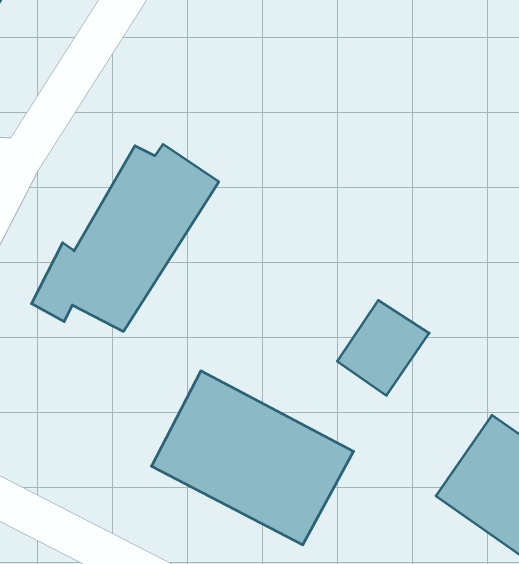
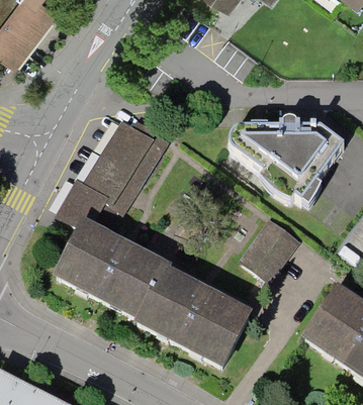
building: none -> [226,112,341,194]
building: none -> [52,217,160,316]

